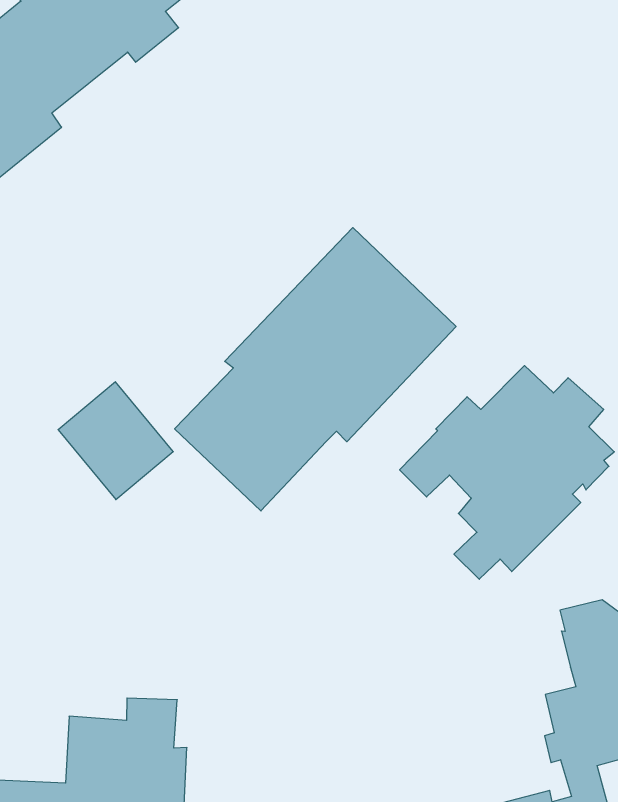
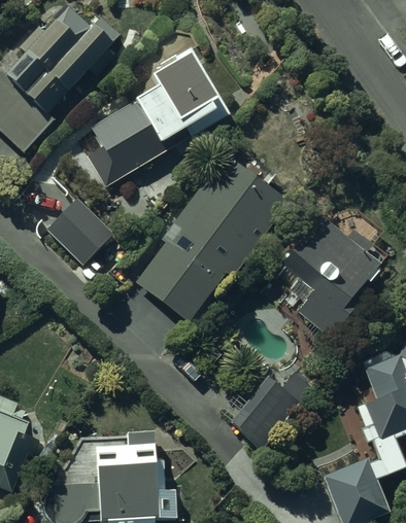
building: none -> [89,45,230,184]
building: [58,382,173,500] -> [47,198,112,263]
building: none -> [225,368,314,446]

